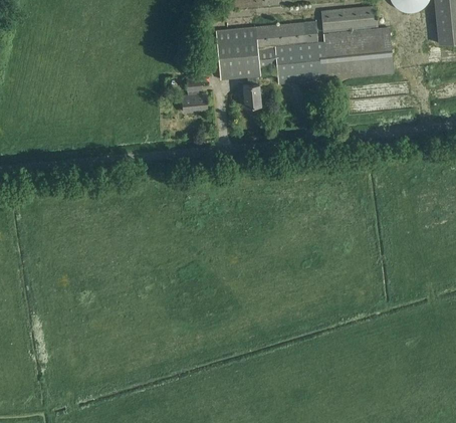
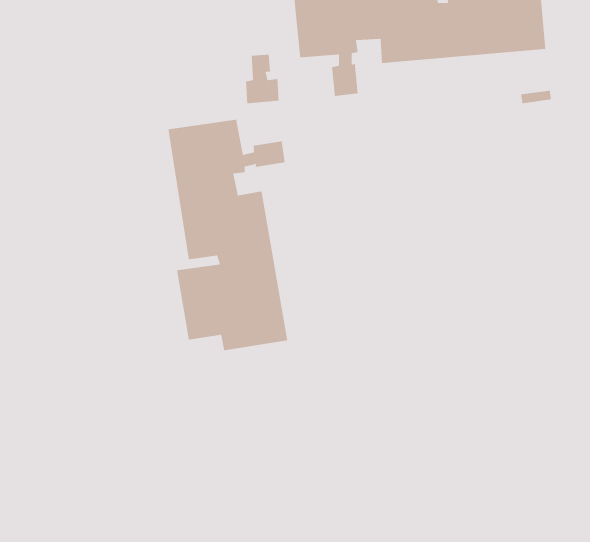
building: none -> [167,119,288,351]

